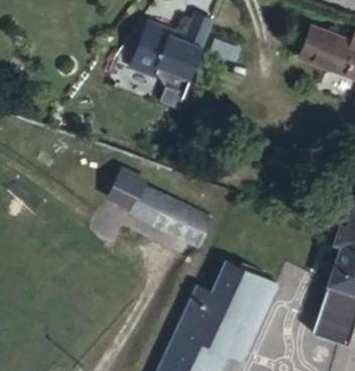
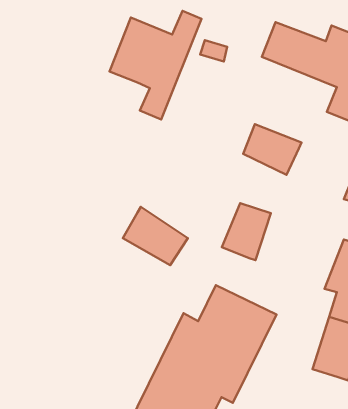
building: none -> [243,124,301,175]
building: [99,163,157,216] -> none
building: none -> [222,203,271,260]

